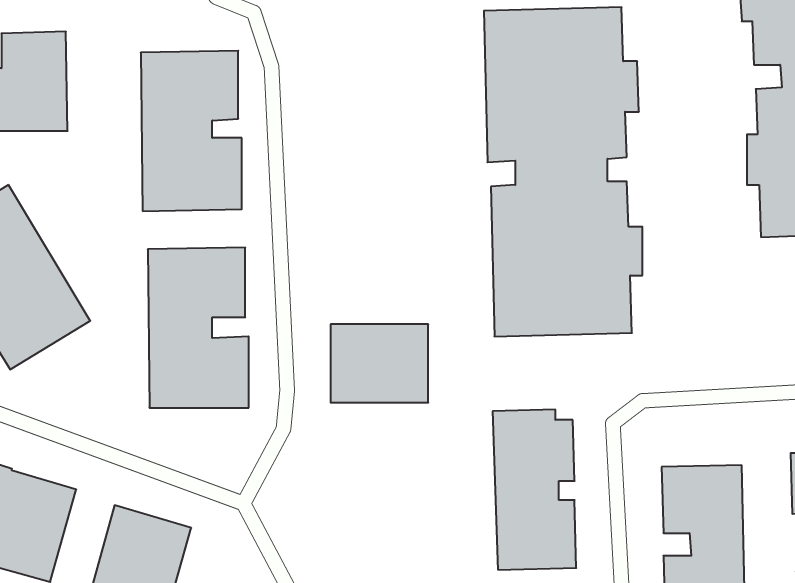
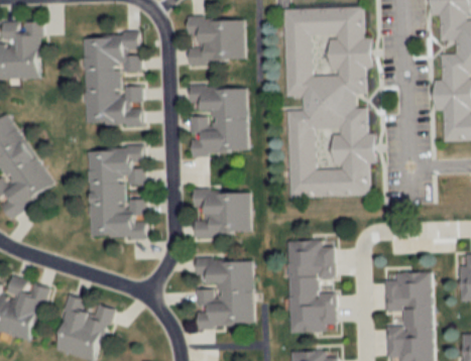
building: none -> [189,17,244,63]
building: none -> [190,85,248,155]
building: none -> [197,258,254,328]

